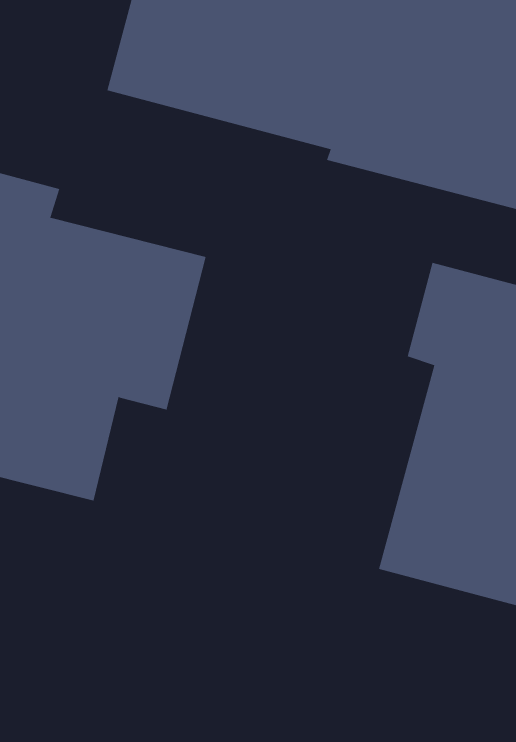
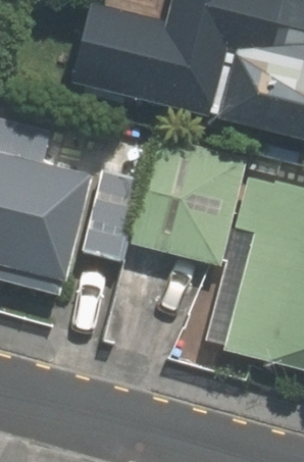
building: none -> [140,143,253,270]

